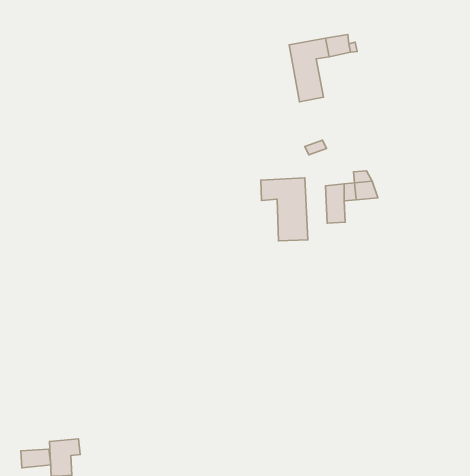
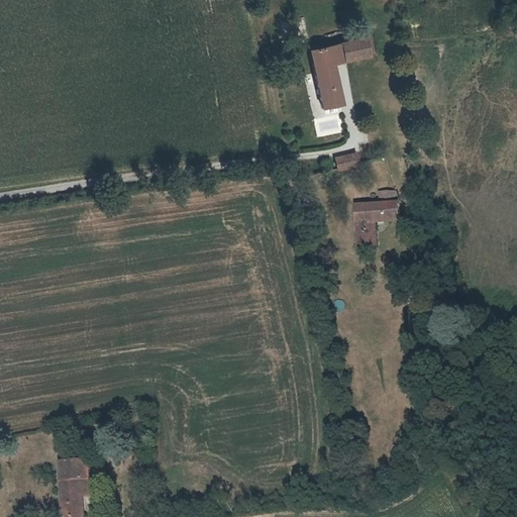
building: [261,178,308,241] -> none
building: [21,449,51,468] -> [53,458,85,479]

